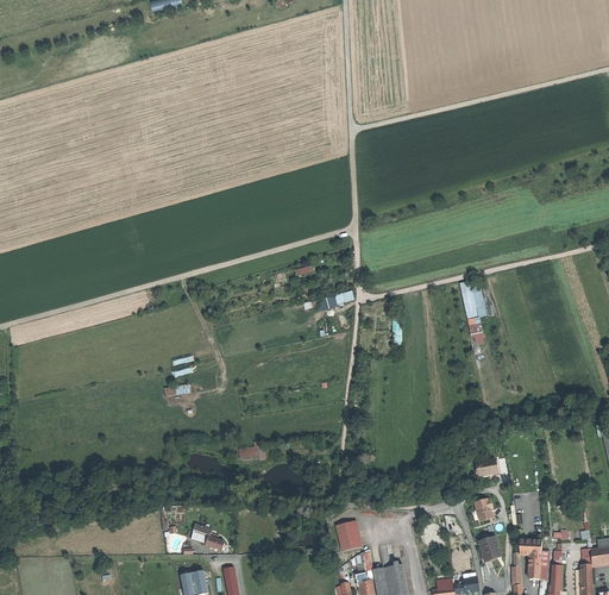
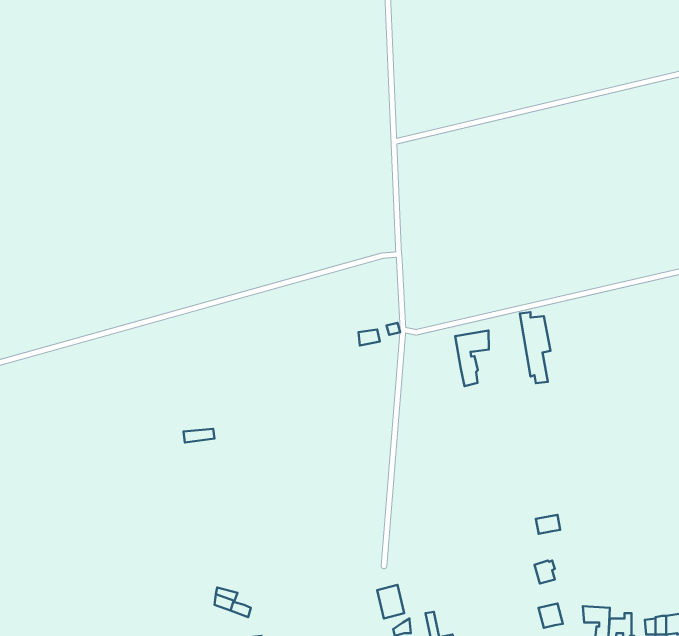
building: none -> [455,331,489,386]

